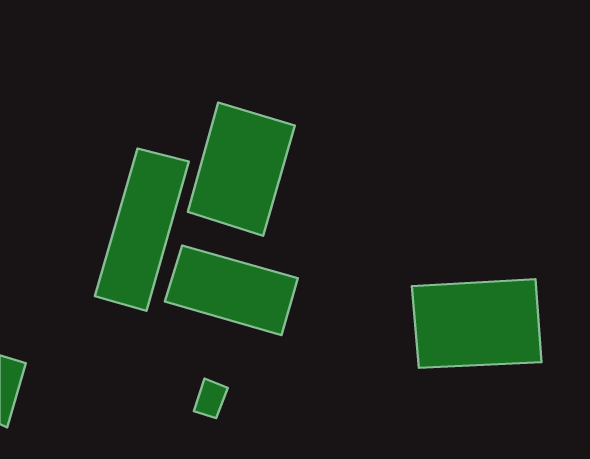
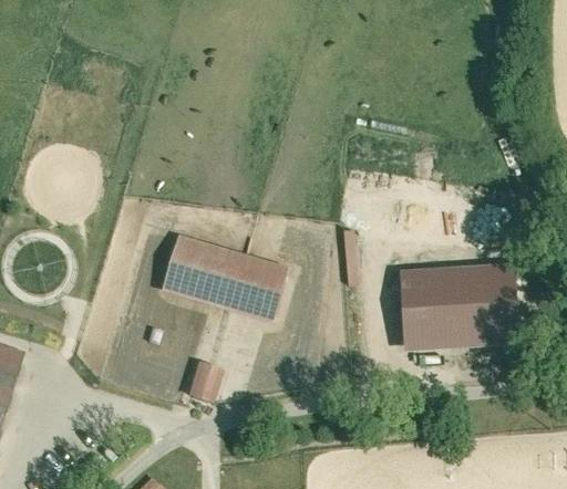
building: [188,102,295,236] -> none
building: [95,149,189,311] -> none

